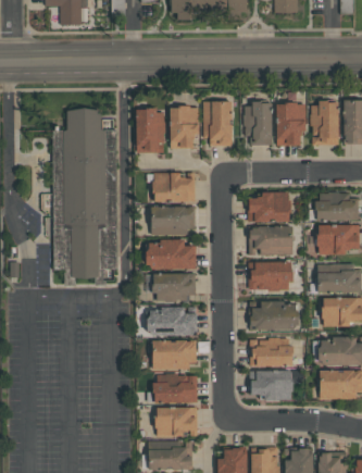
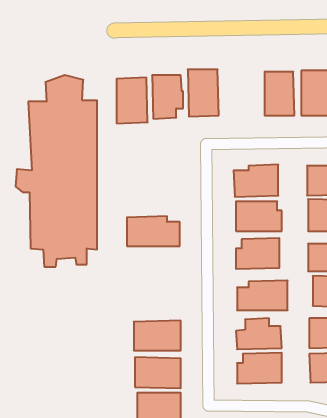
building: [244,103,271,145] -> none
building: [152,172,195,201] -> none
building: [150,206,195,234] -> none
building: [152,273,195,301] -> none
building: [147,308,197,336] -> none

